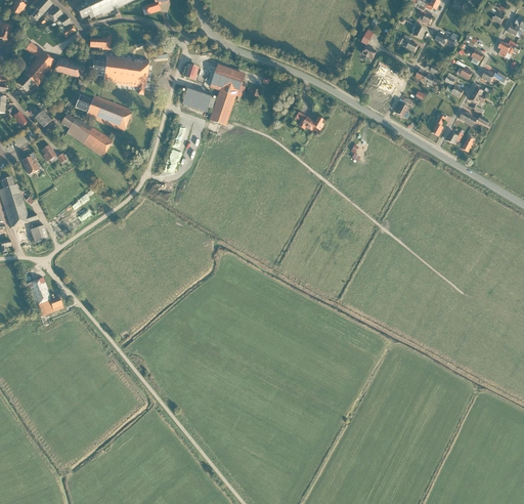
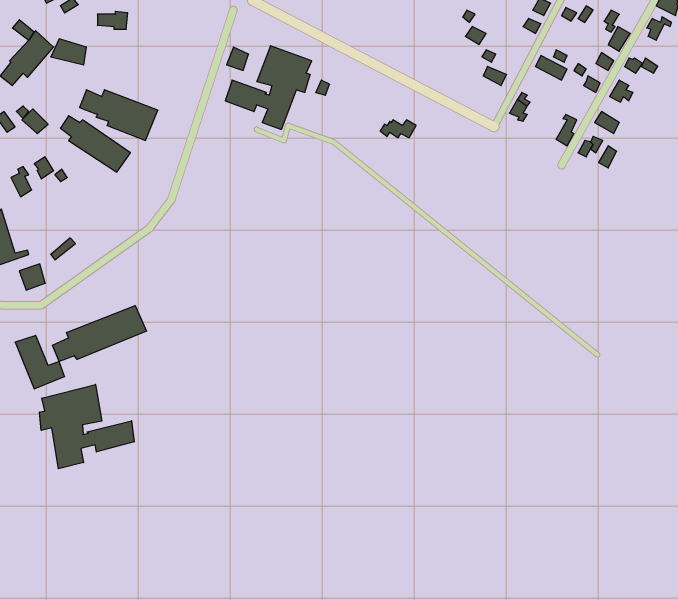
building: [92,54,151,87] -> none
building: none -> [53,306,146,361]
building: none -> [40,384,134,469]

